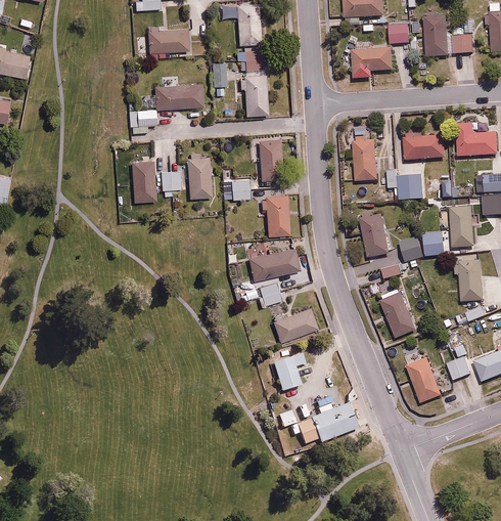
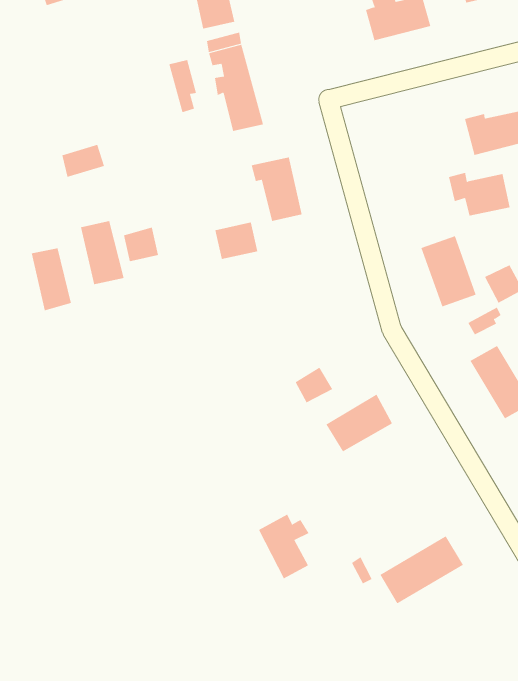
building: [147,28,187,51] -> none
building: [155,76,203,110] -> none
building: [351,137,374,180] -> none
building: [188,158,213,199] -> none
building: none -> [31,247,71,311]
building: [261,194,290,235] -> none
building: [250,248,300,279] -> none
building: [272,347,306,390] -> [258,514,309,579]

